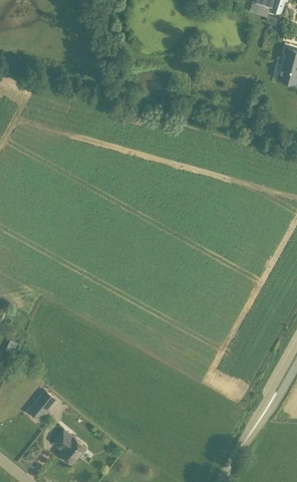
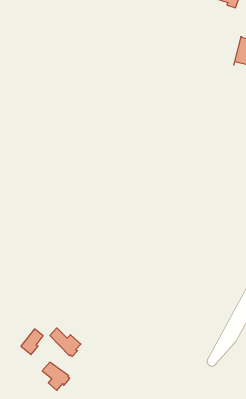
building: none -> [50,328,81,357]

